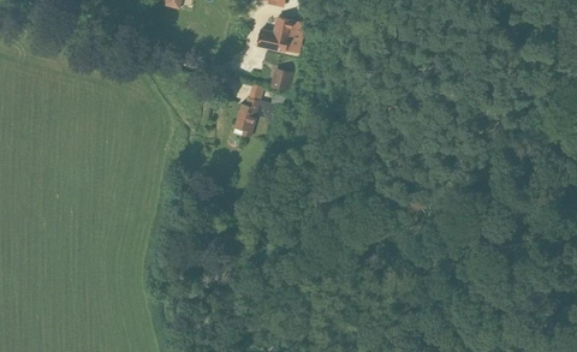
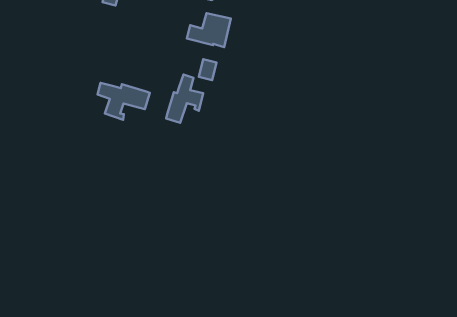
building: none -> [97,83,150,120]

